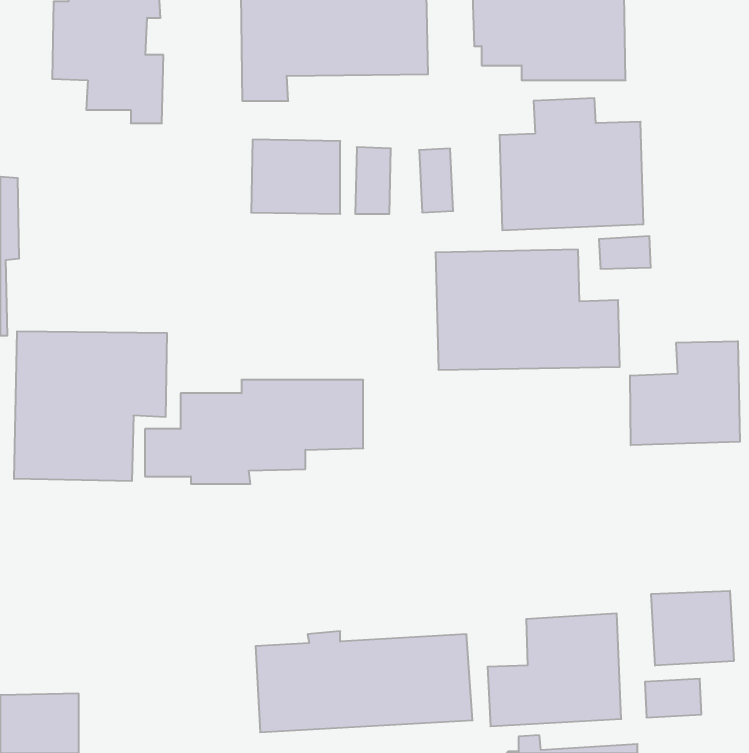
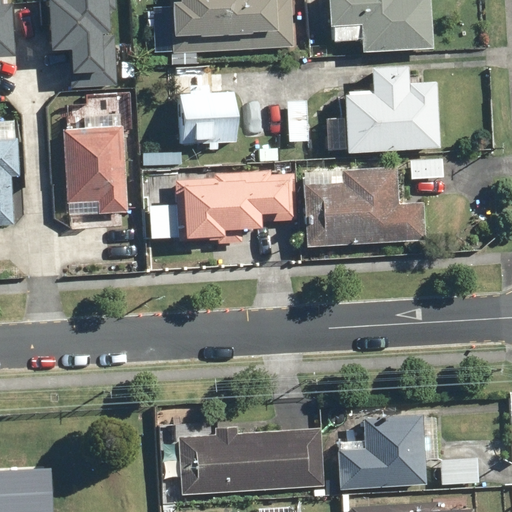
building: none -> [64,87,135,214]
building: [14,331,167,481] -> none
building: [630,341,740,445] -> none
building: [145,380,363,484] -> [149,173,296,243]
building: [651,591,734,666] -> none

